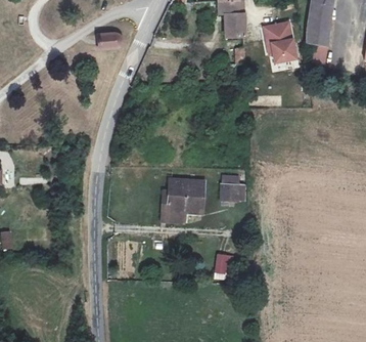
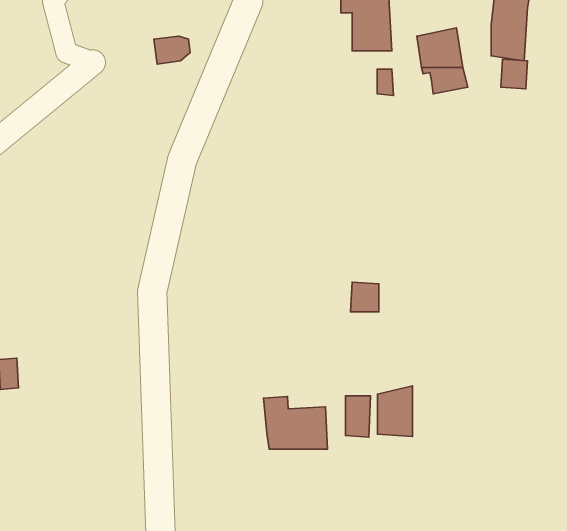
building: [168,178,203,213] -> none
building: none -> [377,386,412,436]
building: none -> [263,397,328,449]

